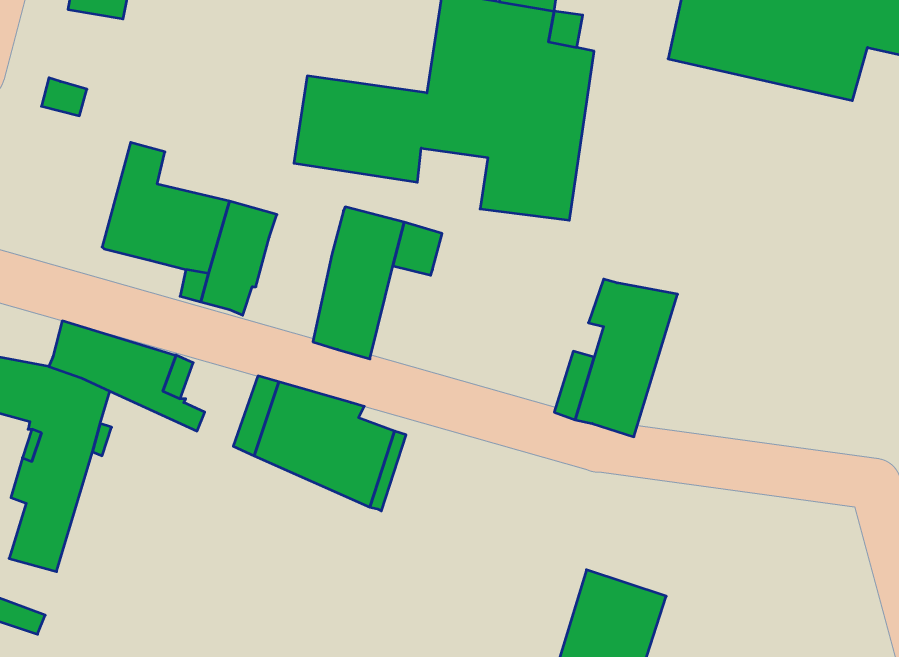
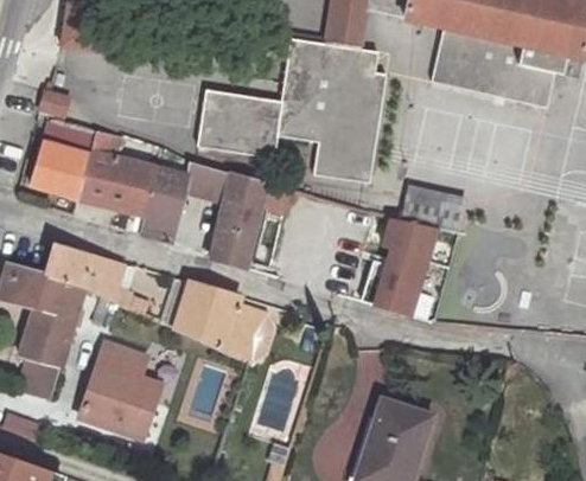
building: none -> [32,117,95,197]
building: none -> [181,163,228,201]
building: none -> [399,185,467,230]
building: none -> [79,344,160,437]

